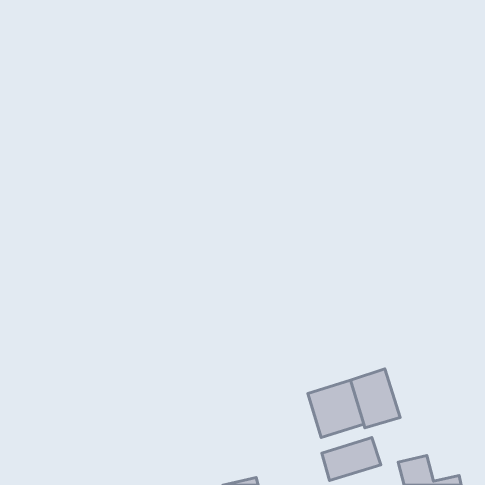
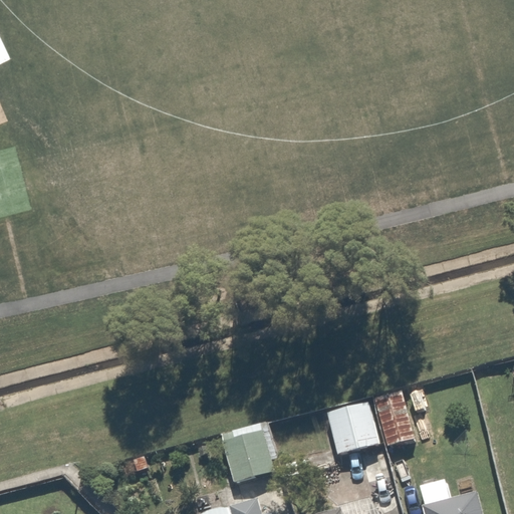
building: none -> [218,421,278,483]
building: [322,437,381,480] -> none

